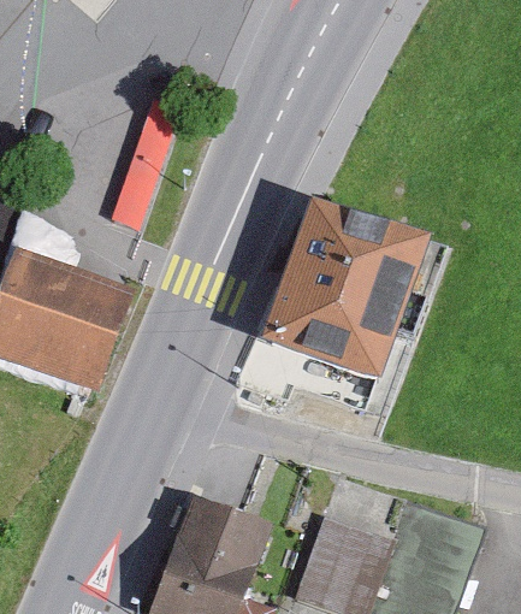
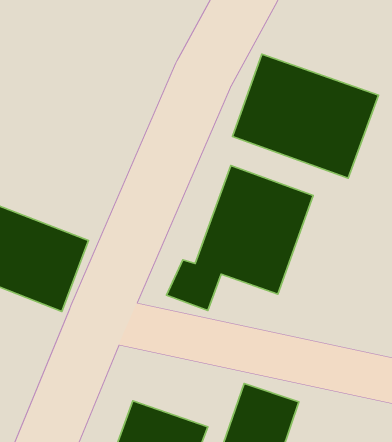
building: none -> [232,54,379,178]

